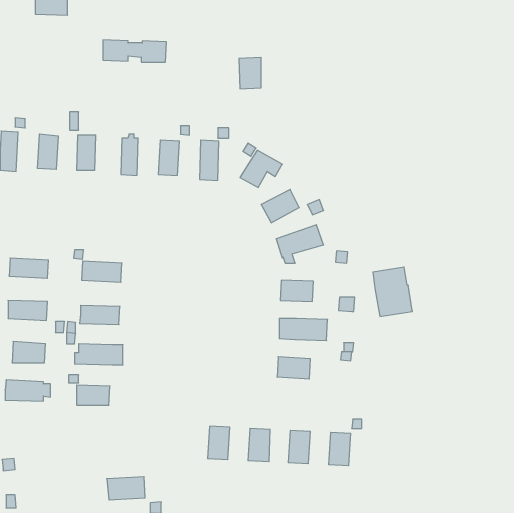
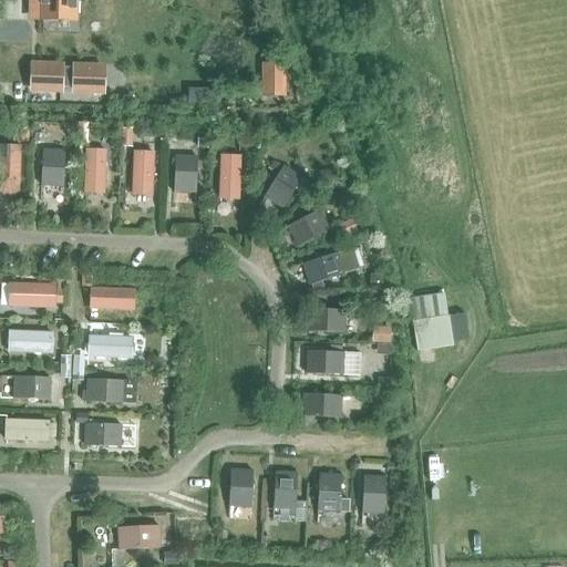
building: [103,40,166,62] -> [33,64,103,89]

